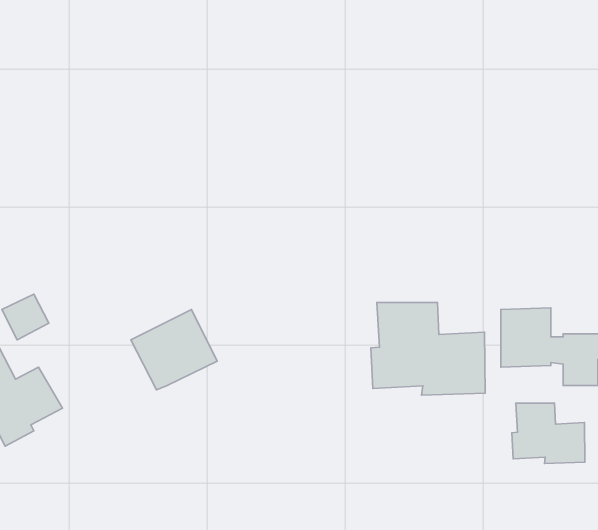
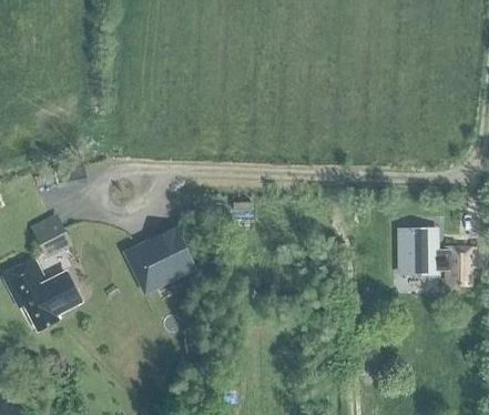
building: [371,302,485,395] -> none
building: [512,403,585,463] -> none

